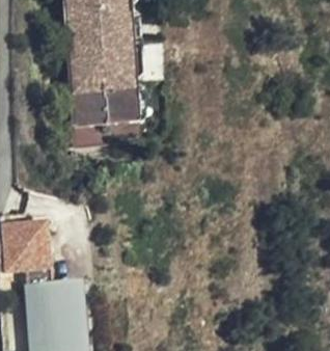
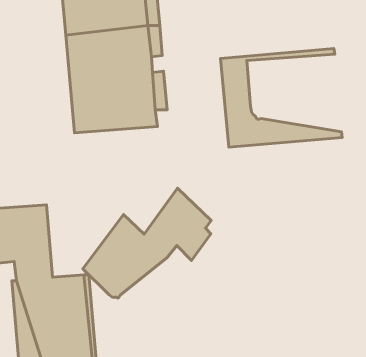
building: none -> [220,49,342,147]
building: none -> [83,188,211,298]

